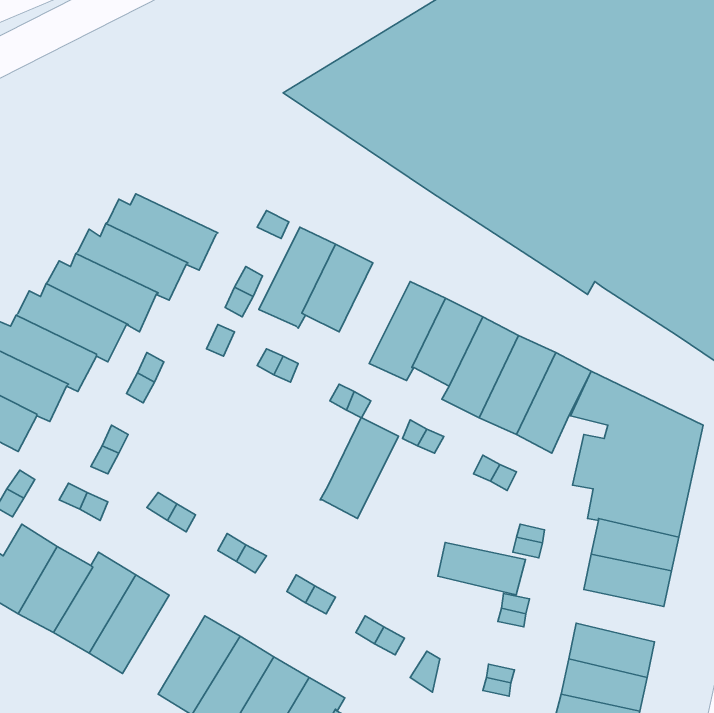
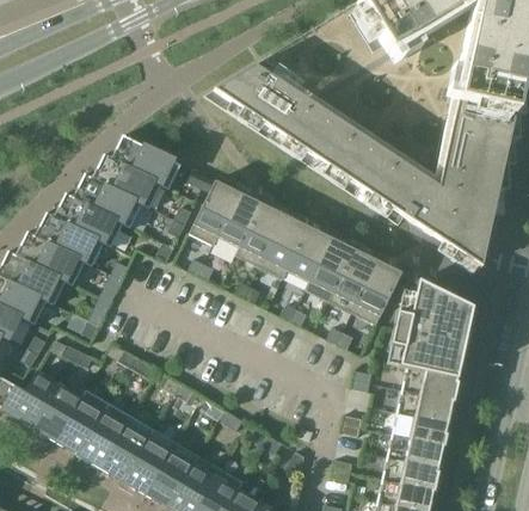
building: none -> [110,140,182,190]
building: [320,418,399,518] -> [235,204,285,269]
building: [438,543,526,595] -> [392,413,448,447]
building: none -> [102,417,154,480]

